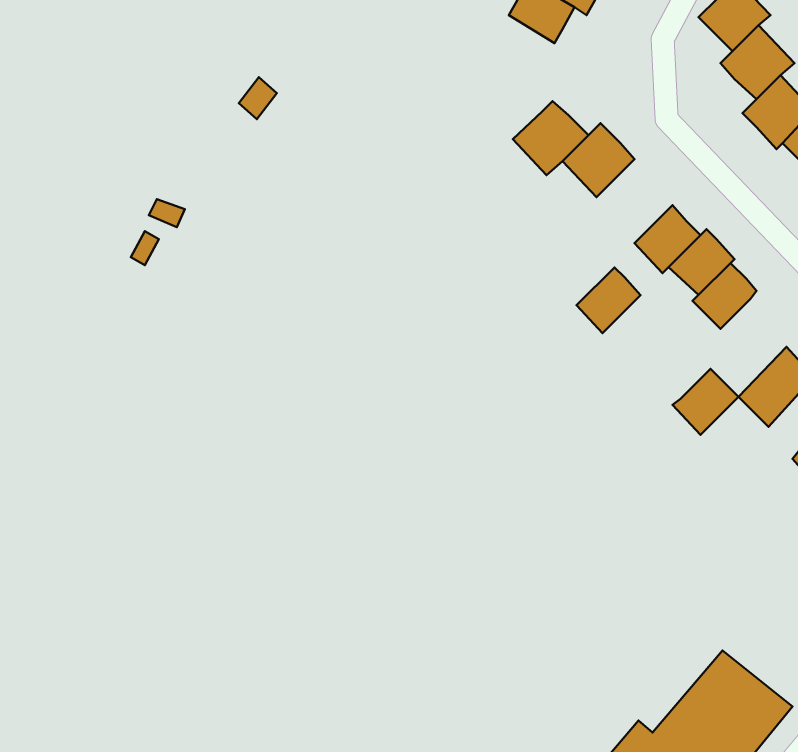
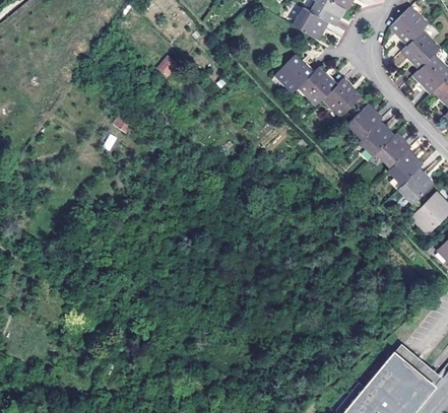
building: none -> [273,55,312,92]
building: [576,267,640,333] -> [347,105,380,138]
building: [673,369,739,435] -> [398,168,432,202]

